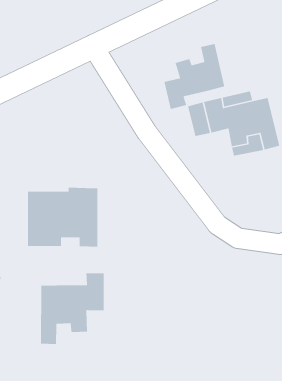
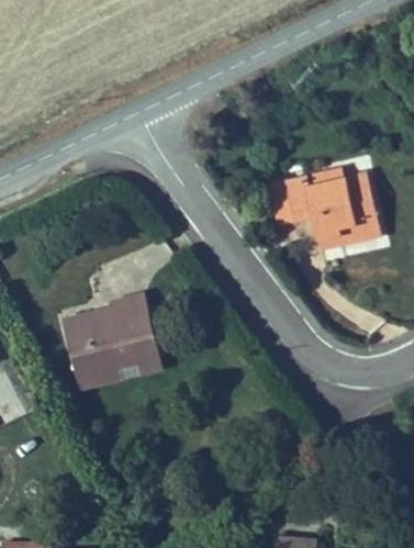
building: [163,43,225,110] -> none
building: [40,272,105,345] -> none

